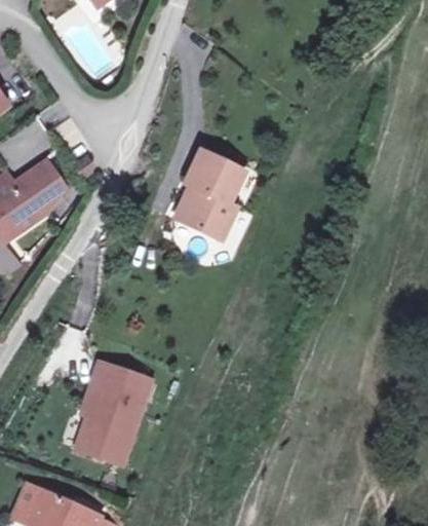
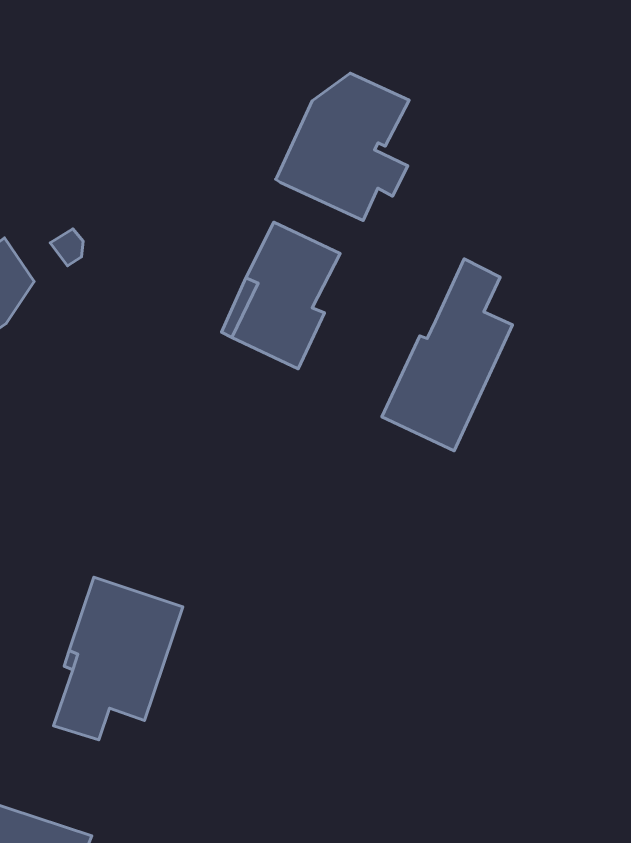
building: none -> [276,73,409,221]
building: none -> [382,259,513,451]

